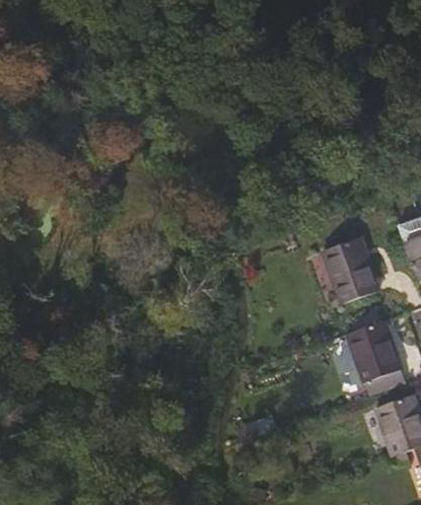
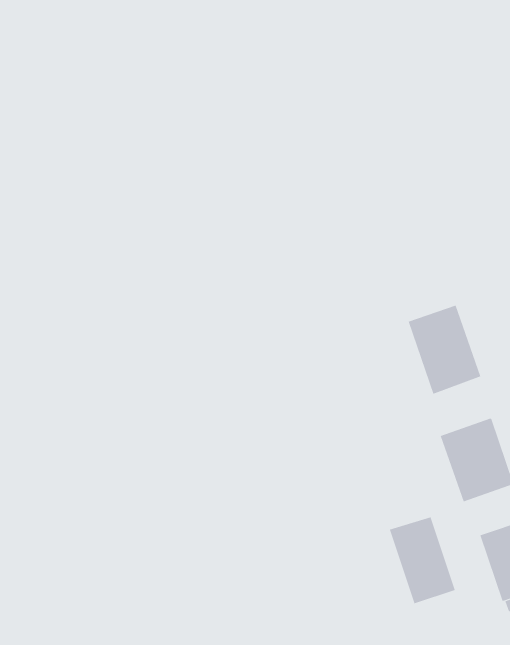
building: none -> [389,517,455,604]

